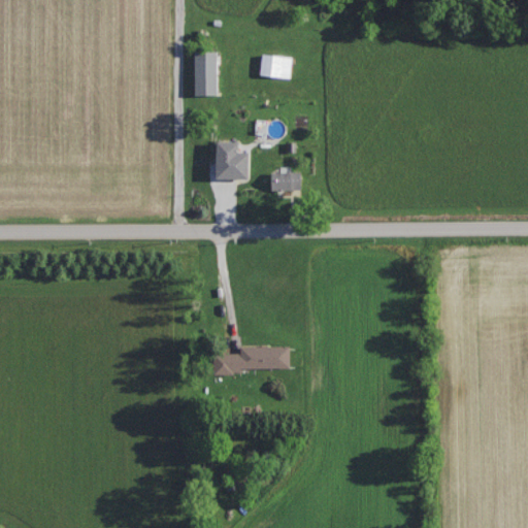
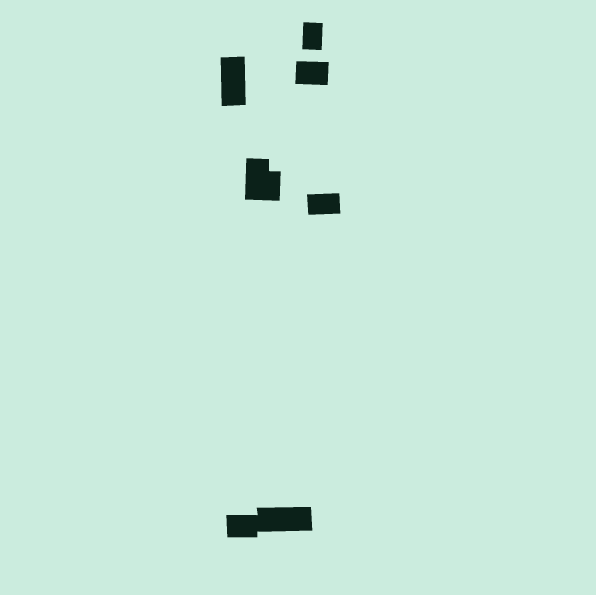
building: none -> [302,21,323,51]
building: [212,346,290,374] -> [225,506,313,538]

